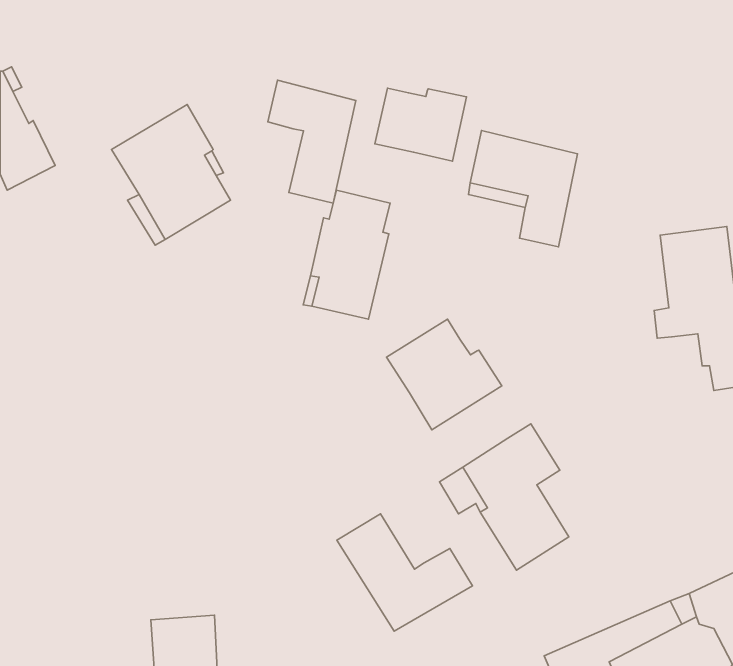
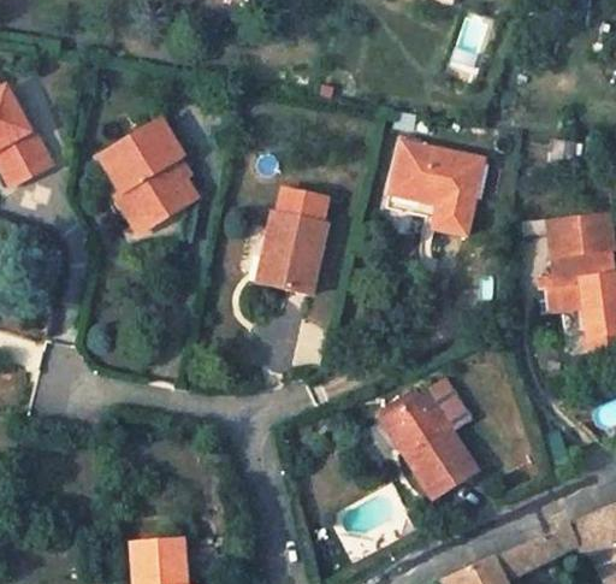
building: [268,80,356,203] -> none
building: [375,88,467,161] -> none
building: [386,319,502,430] -> none
building: [337,514,473,631] -> none

